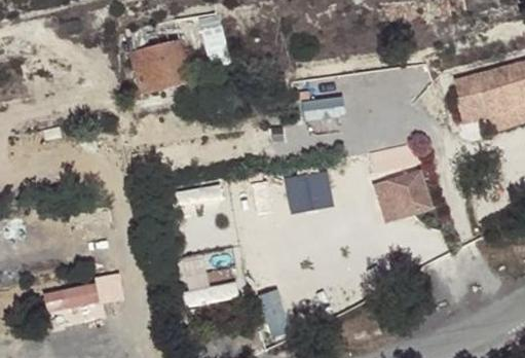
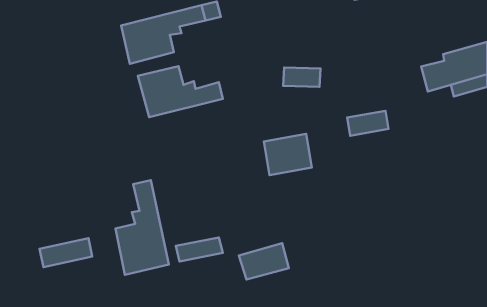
building: none -> [138,66,223,117]
building: [386,168,425,211] -> none
building: none -> [115,180,169,275]

